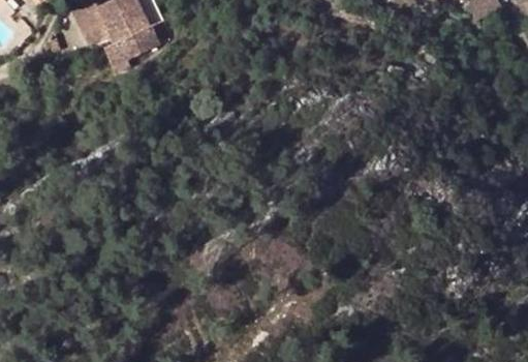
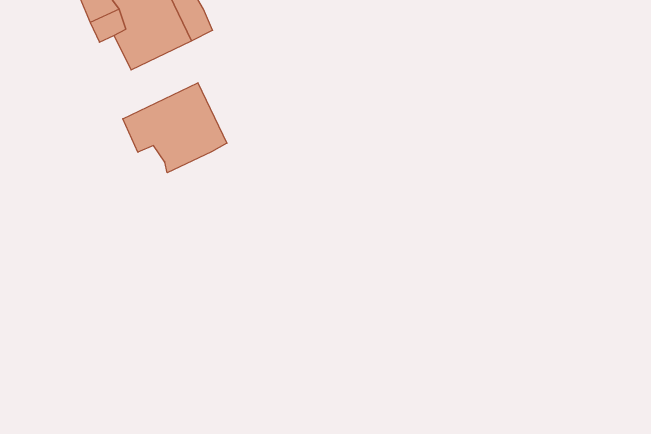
building: none -> [123,83,227,173]

